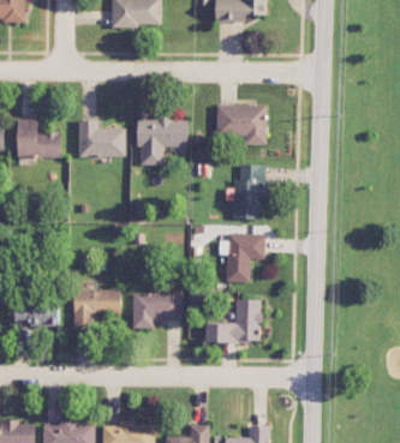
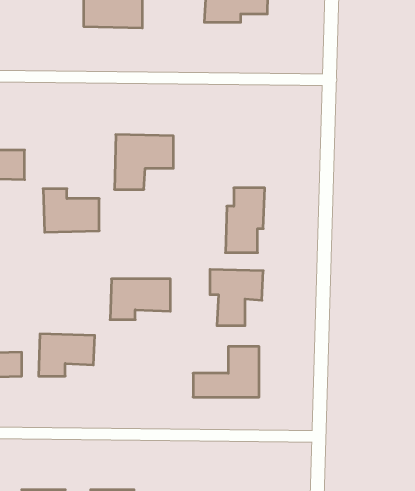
building: [216,106,268,145] -> none
building: [78,120,126,157] -> [43,189,99,232]
building: [132,294,184,329] -> [110,279,170,320]

